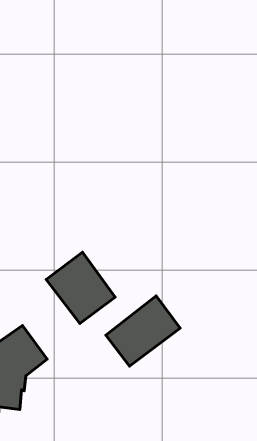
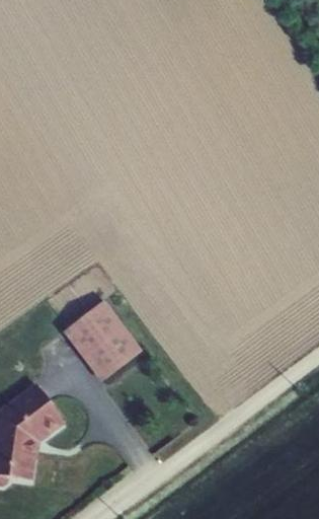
building: [106,296,180,366] -> none

